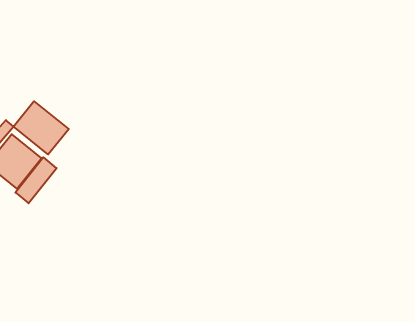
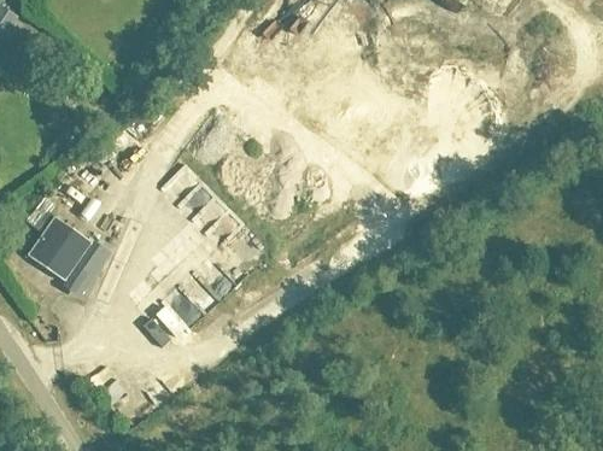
building: [13,101,69,154] -> none

